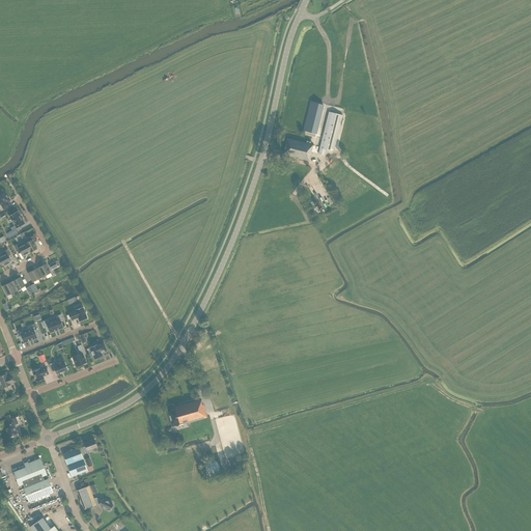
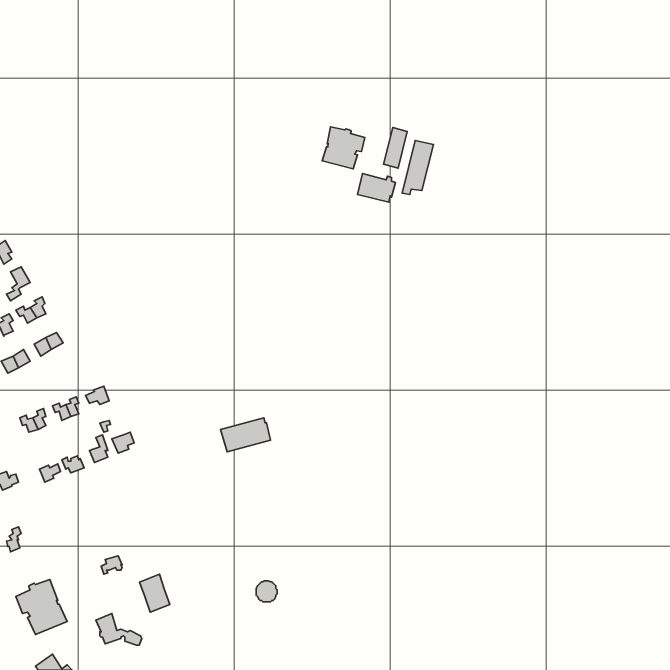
building: none -> [322,127,365,169]
building: [166,399,205,426] -> [221,418,271,452]
building: [62,446,86,476] -> [140,574,170,612]

